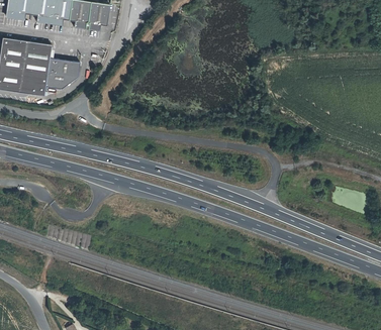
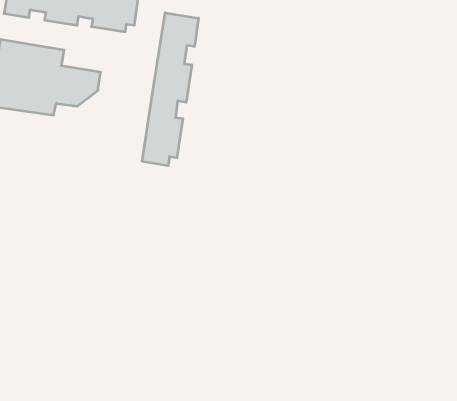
building: none -> [142,13,199,166]

